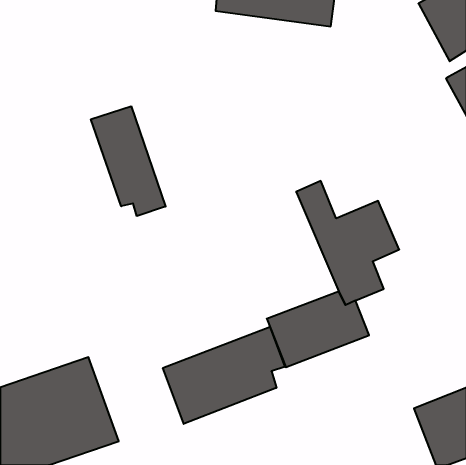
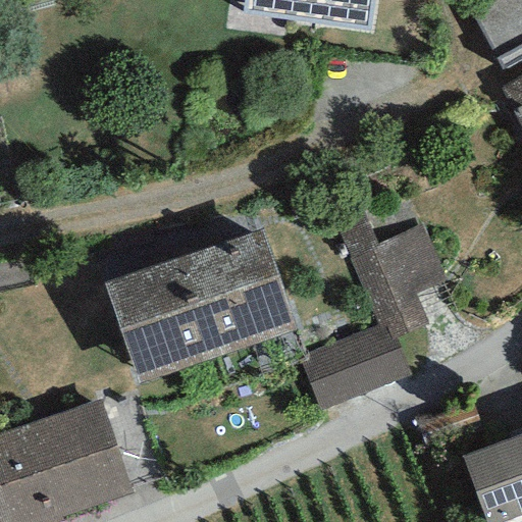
building: [91,106,166,216] -> none
building: none -> [104,228,295,380]
building: [163,327,285,424] -> none

